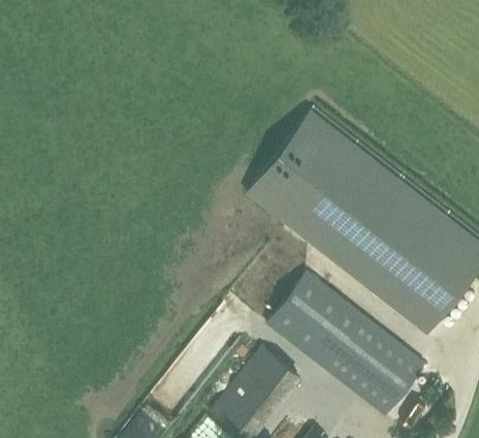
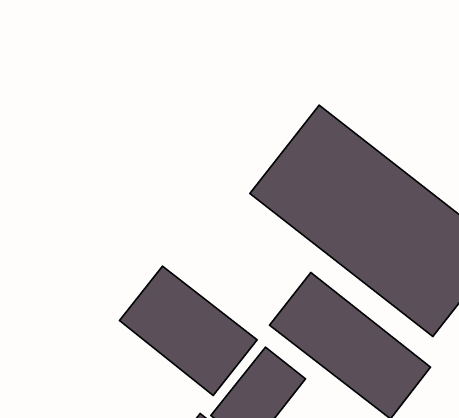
building: none -> [119,266,257,395]

